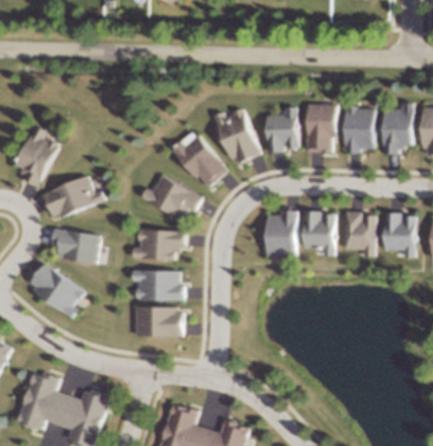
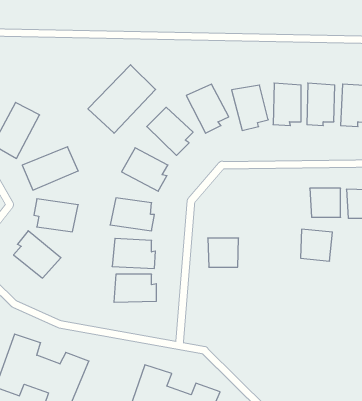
building: none -> [88,65,156,133]
building: [306,213,339,247] -> [301,229,332,261]
building: [264,217,296,248] -> [208,238,239,267]

